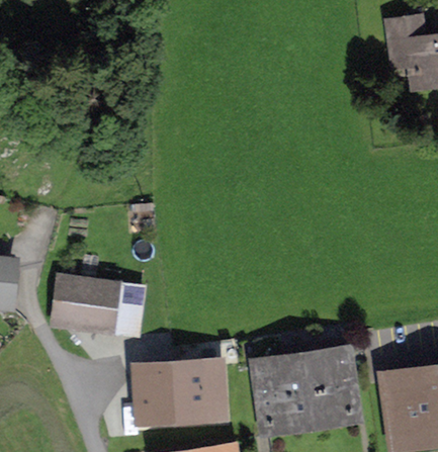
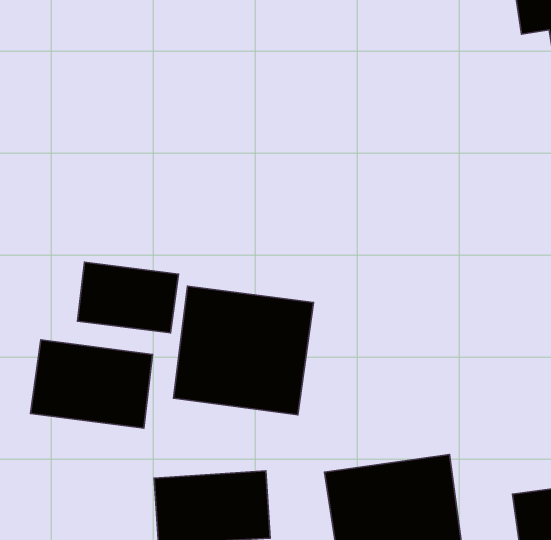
building: none -> [77,262,179,333]
building: none -> [173,286,313,415]

